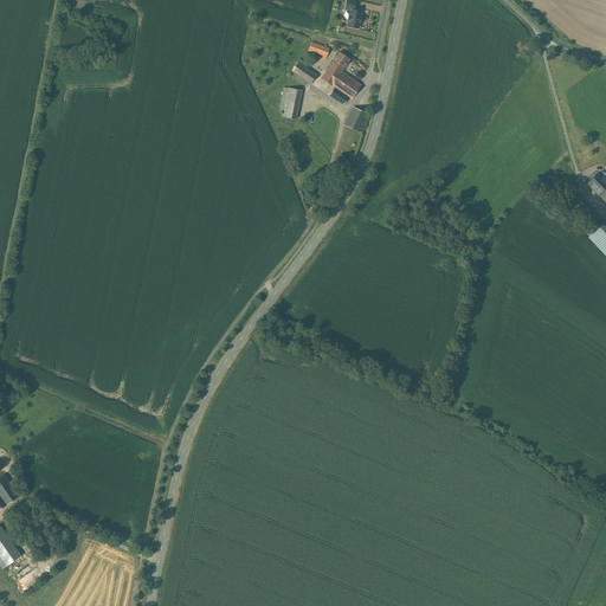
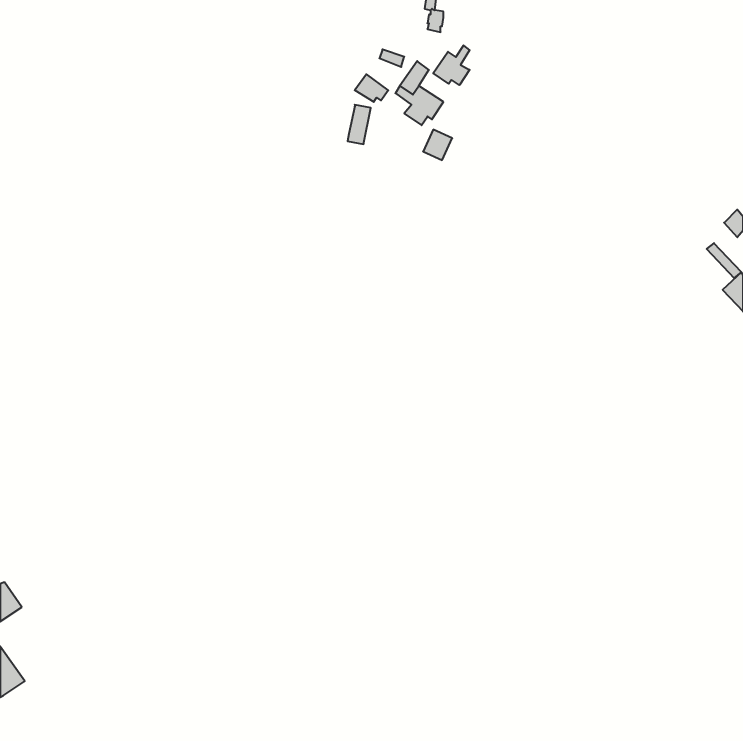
building: none -> [433,45,470,85]

